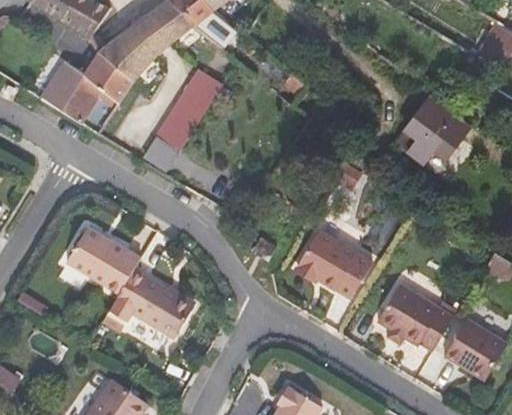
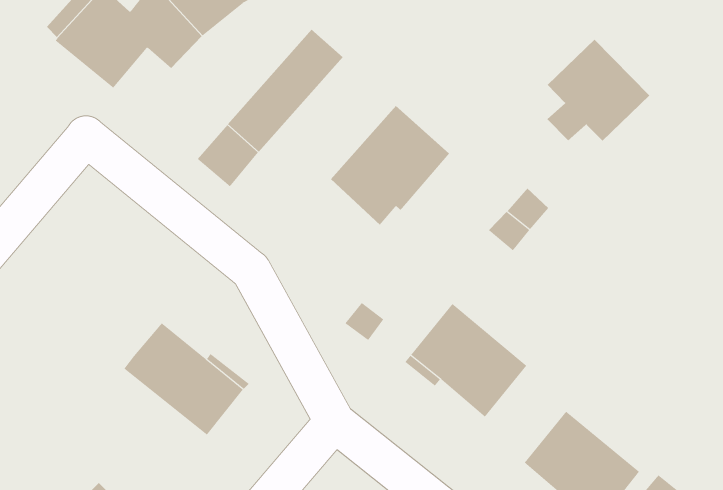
building: [403,95,470,163] -> [547,39,650,142]
building: none -> [330,105,450,225]
building: [65,225,141,292] -> none

